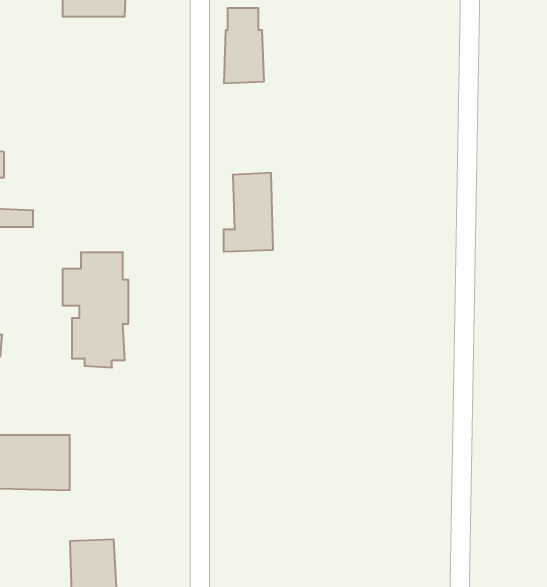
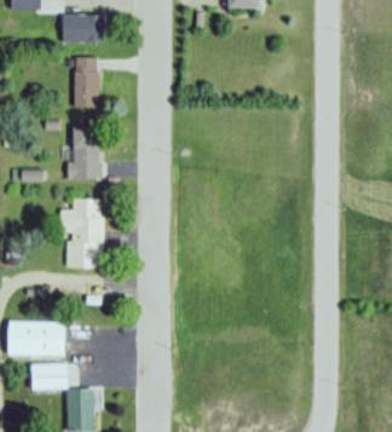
building: [224,8,264,83] -> [73,57,99,106]
building: [224,173,273,252] -> [67,126,99,178]
building: none -> [31,363,68,390]

